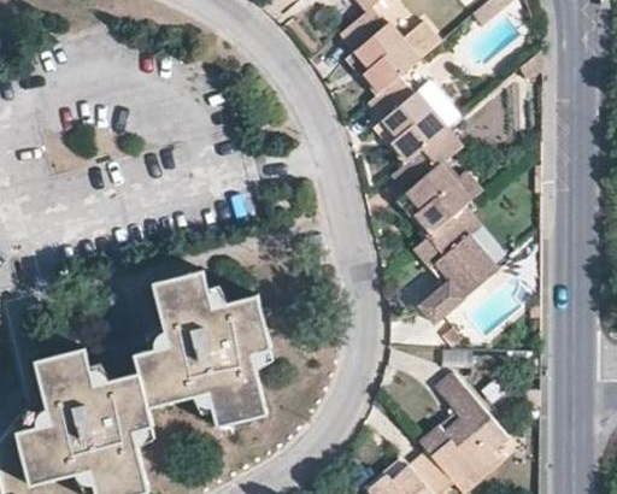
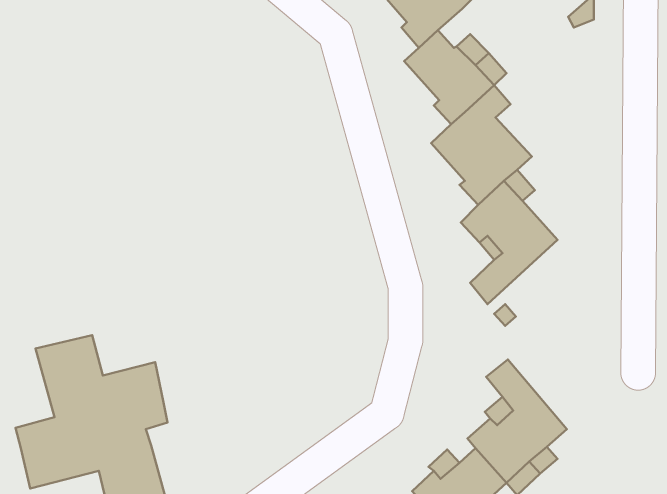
building: [136,271,271,429] -> none

